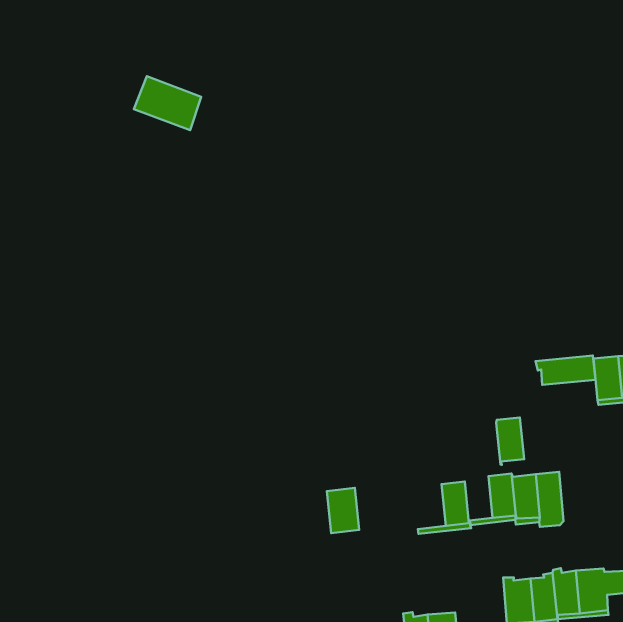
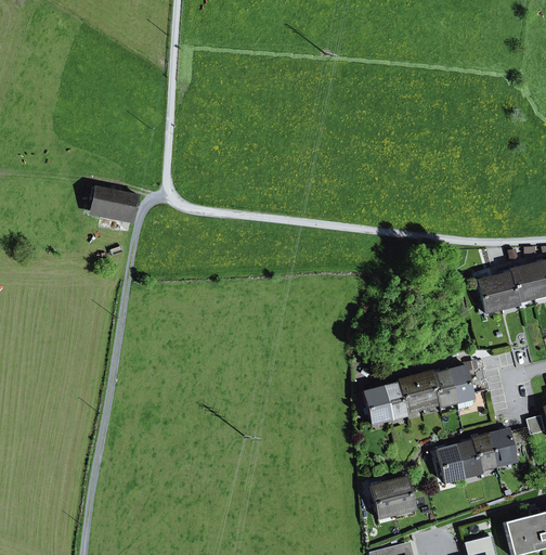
building: [134,76,201,130] -> [91,186,138,220]
building: [536,355,596,385] -> none
building: [496,417,524,465] -> [399,376,422,412]
building: [327,488,359,533] -> [363,387,390,422]

